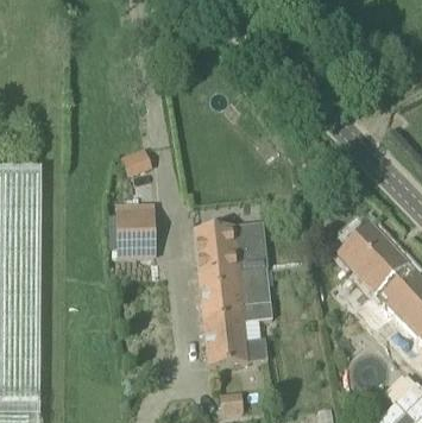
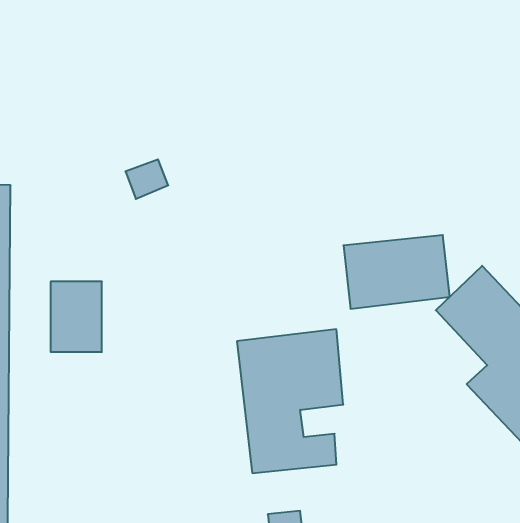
building: [116,207,152,255] -> [51,282,102,352]
building: [193,221,266,272] -> [343,235,450,309]

